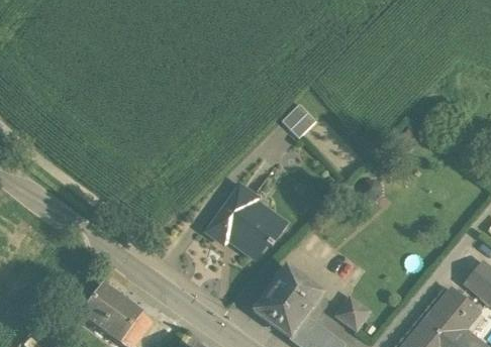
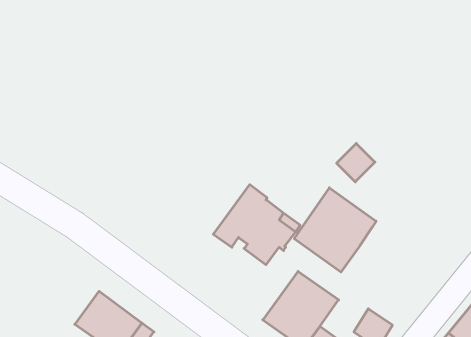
building: [282,102,317,137] -> [337,143,375,182]
building: none -> [294,188,376,272]

